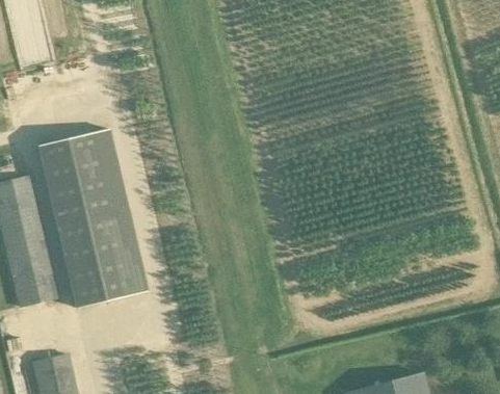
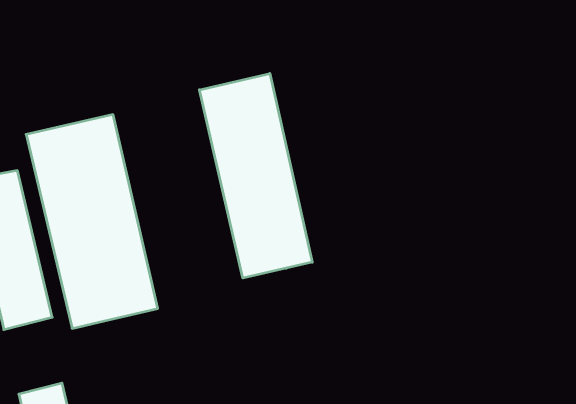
building: none -> [199,73,312,278]

